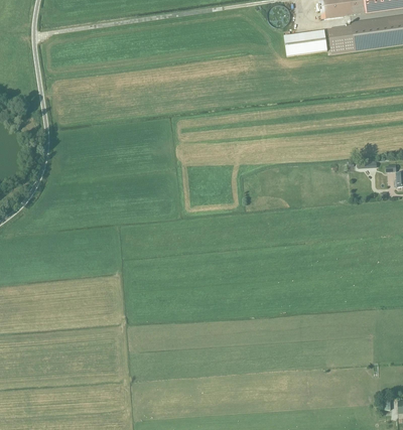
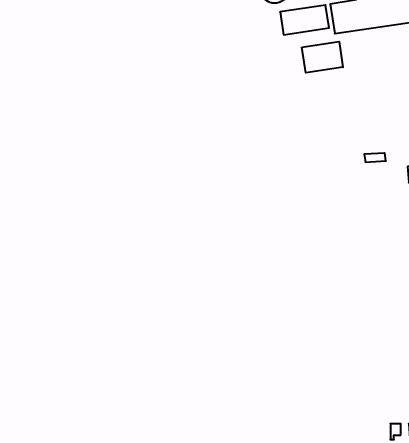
building: none -> [302,42,343,73]

